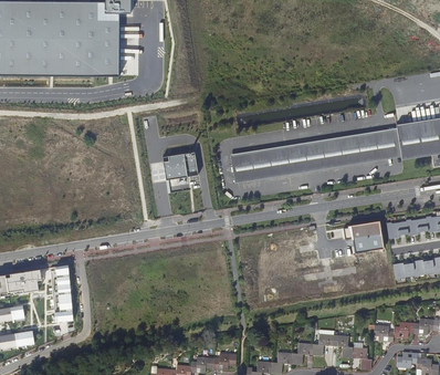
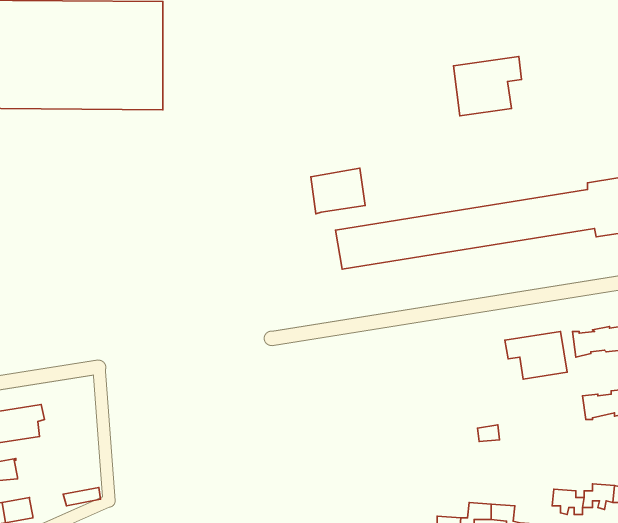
building: none -> [453,56,521,116]
building: [163,150,198,180] -> [311,168,365,214]
building: [51,264,73,324] -> none

